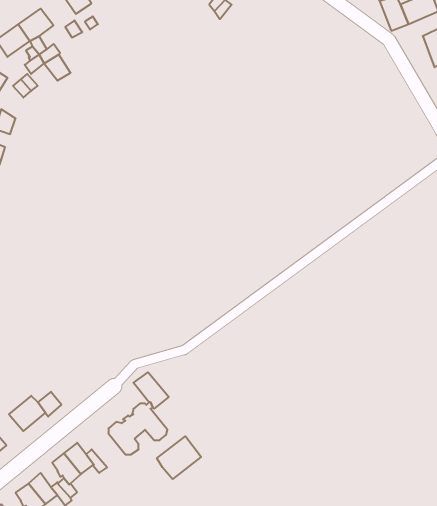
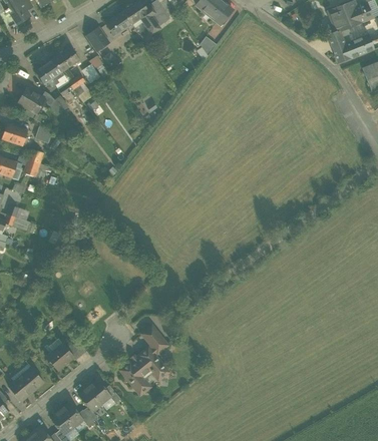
building: [157,436,201,479] -> none

